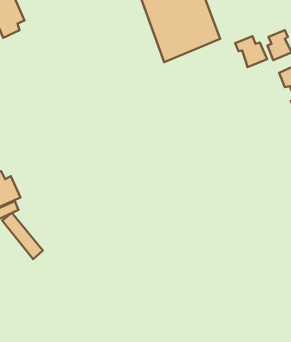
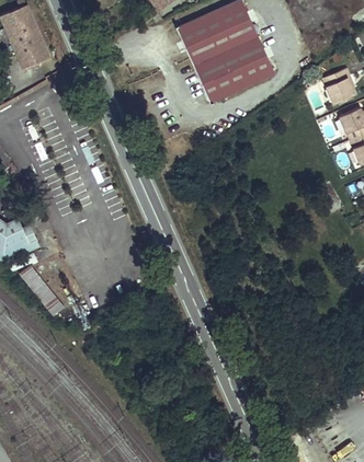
building: [235,36,267,67] -> none

